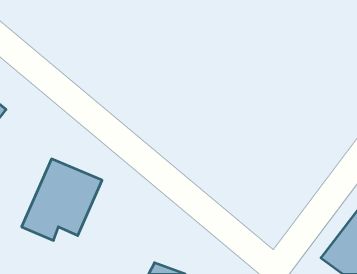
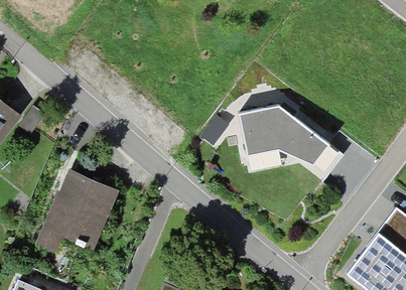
building: none -> [241,109,331,166]

